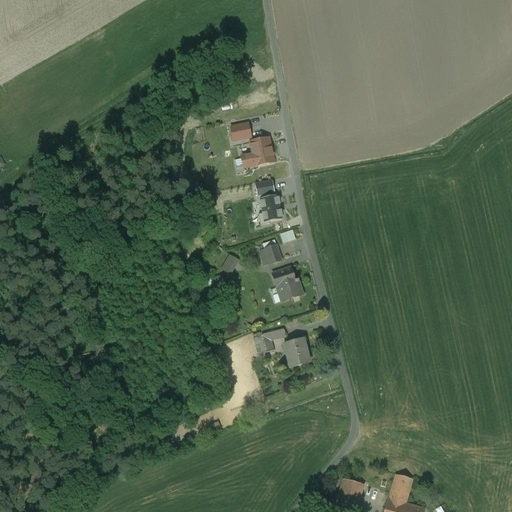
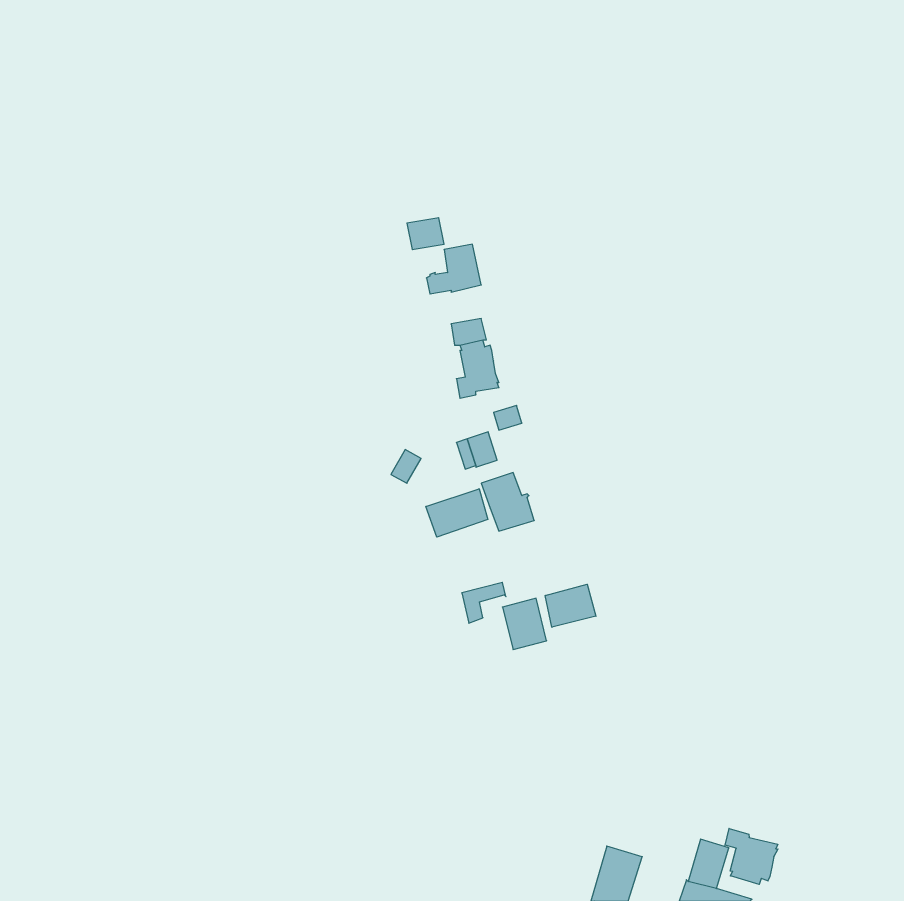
building: none -> [426,489,488,537]
building: none -> [545,584,596,627]
building: none -> [725,828,778,884]

